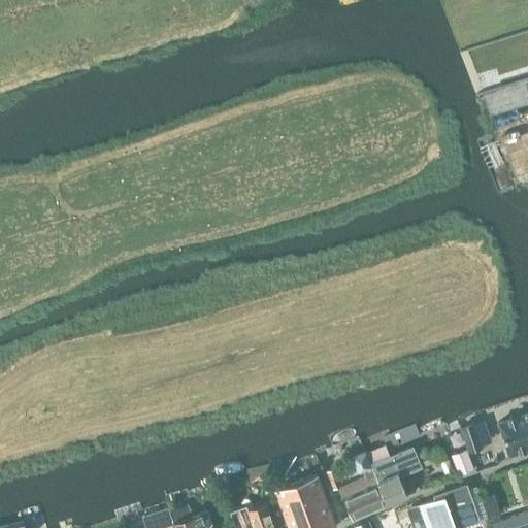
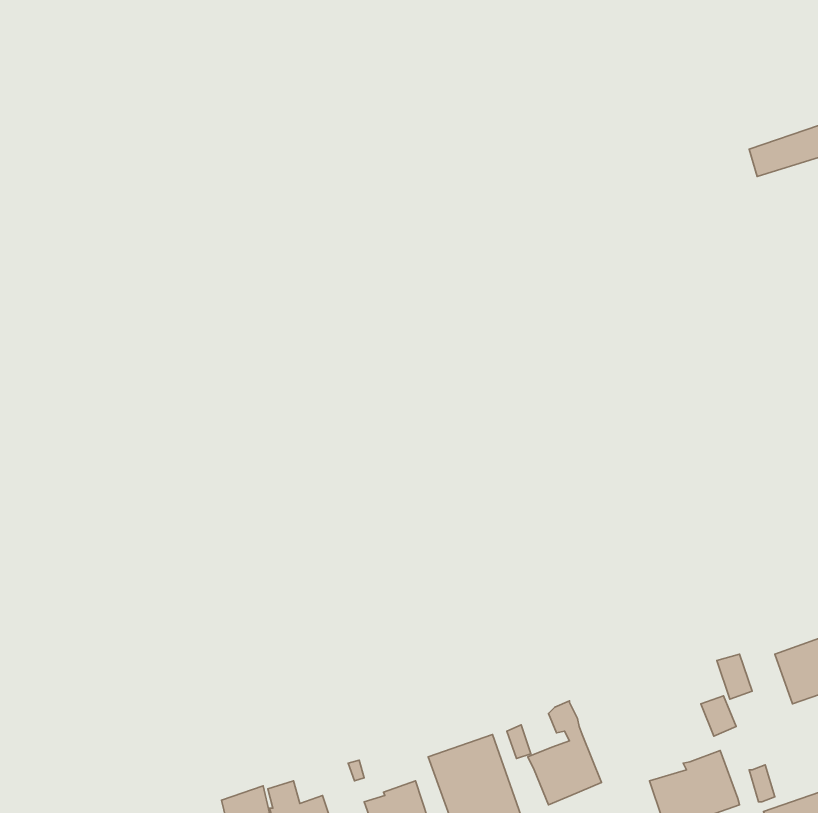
building: [372,449,421,507] -> none

